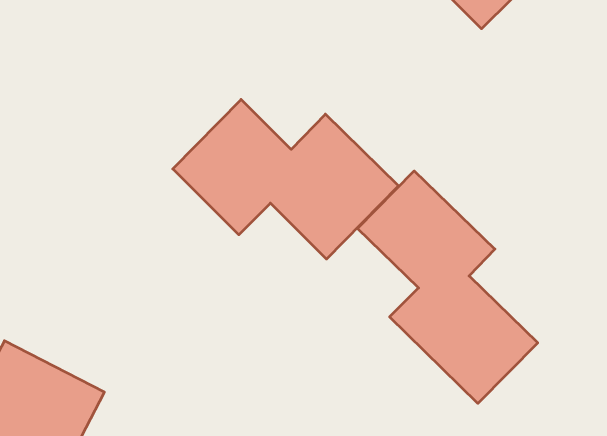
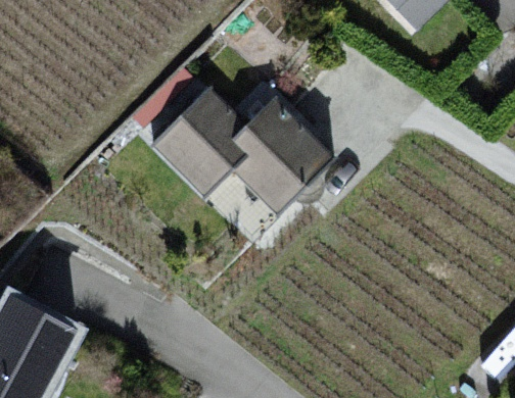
building: [357,171,538,403] -> none

